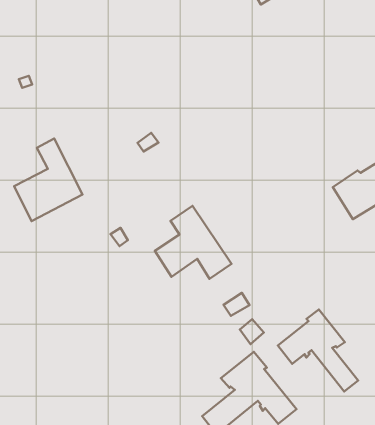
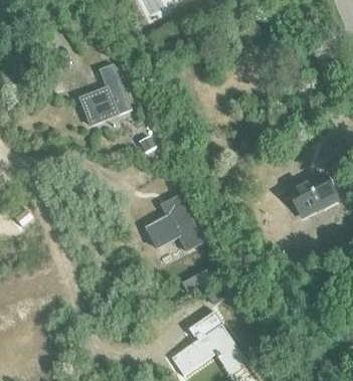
building: [14,138,83,221] -> [78,63,131,126]
building: [278,309,358,392] -> none

